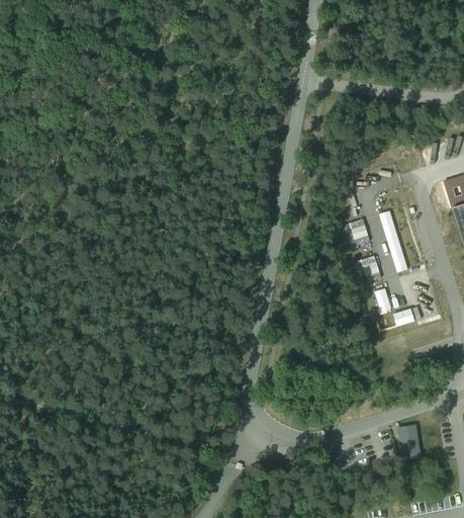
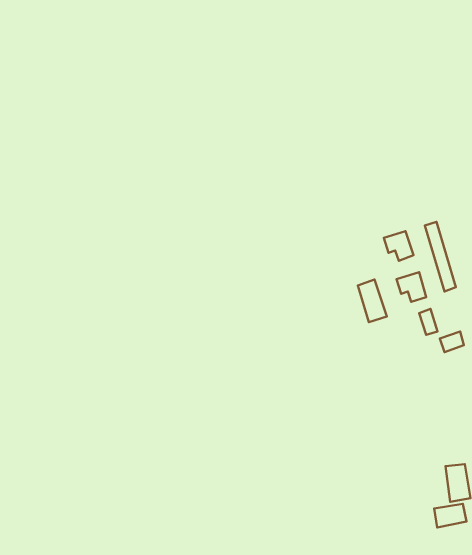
building: none -> [358,279,387,322]
building: none -> [434,504,467,528]

